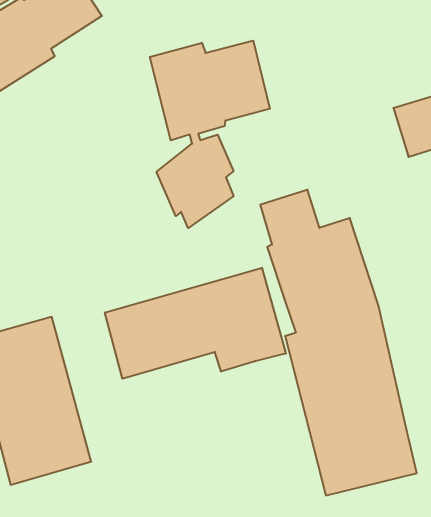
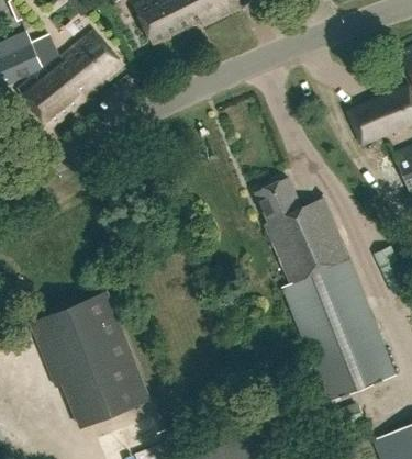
building: [150,41,270,228] -> none
building: [105,268,286,379] -> none

